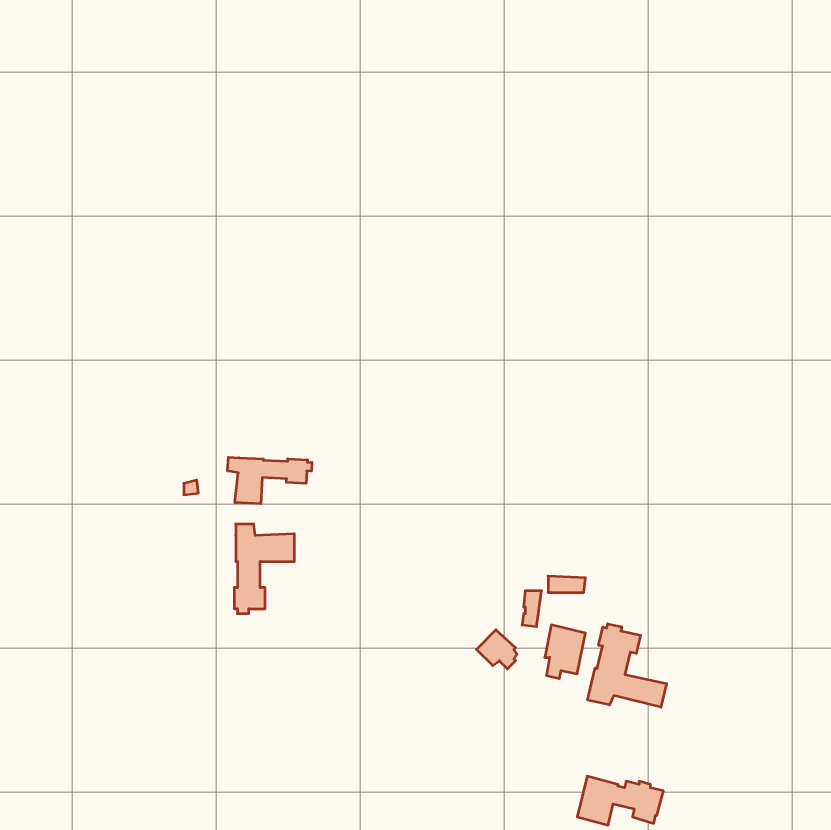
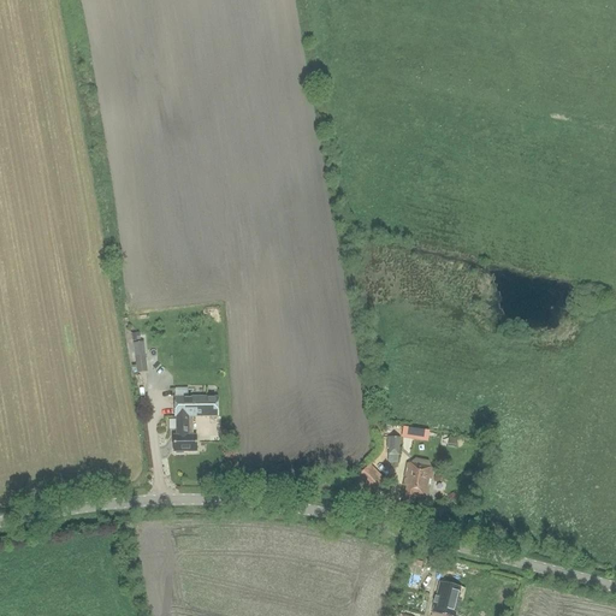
building: [228,457,312,504] -> none
building: [588,624,667,707] -> none

